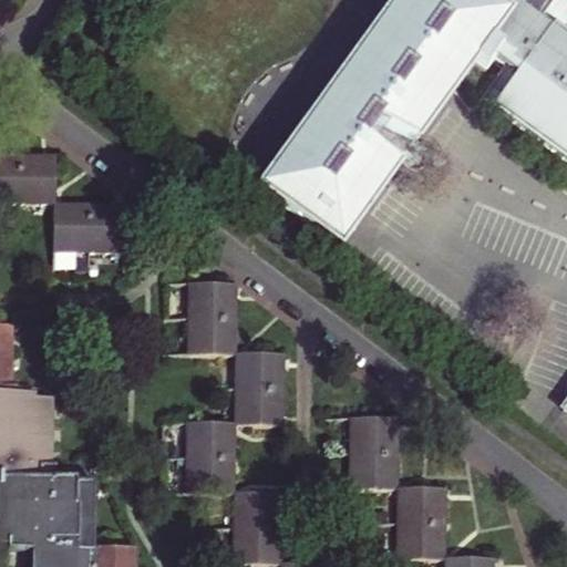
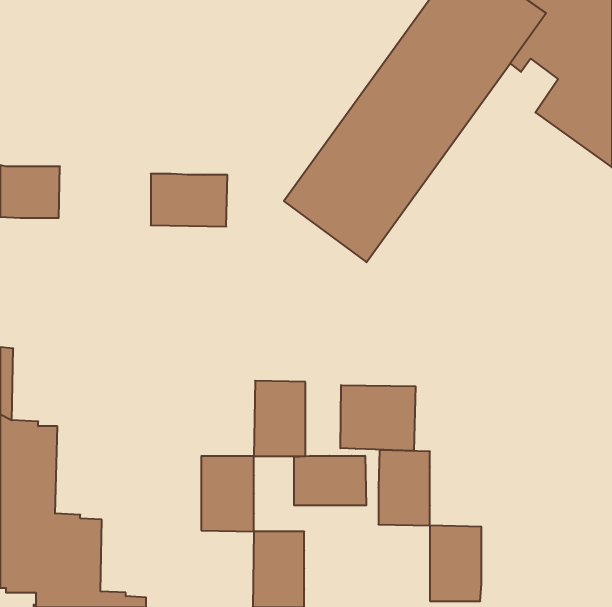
building: [54,202,125,250] -> [151,174,227,226]
building: [187,281,237,352] -> none
building: none -> [340,385,416,451]
building: none -> [294,456,366,505]

